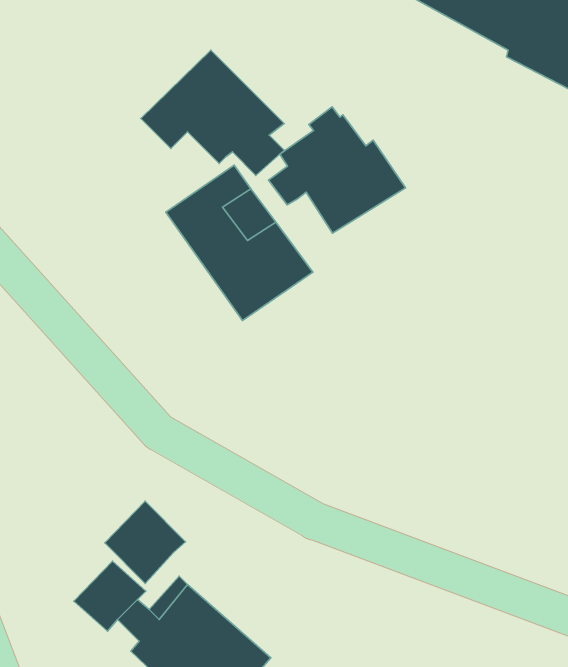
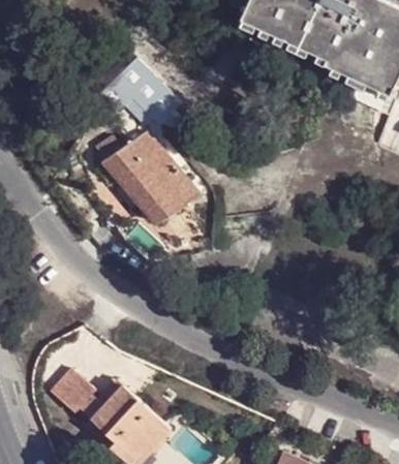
building: [269,107,406,233] -> none
building: [105,501,185,584] -> none

